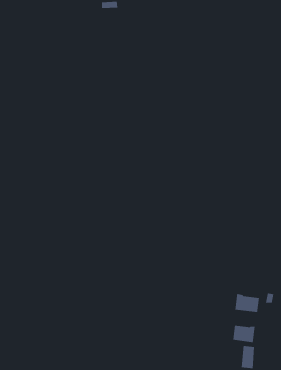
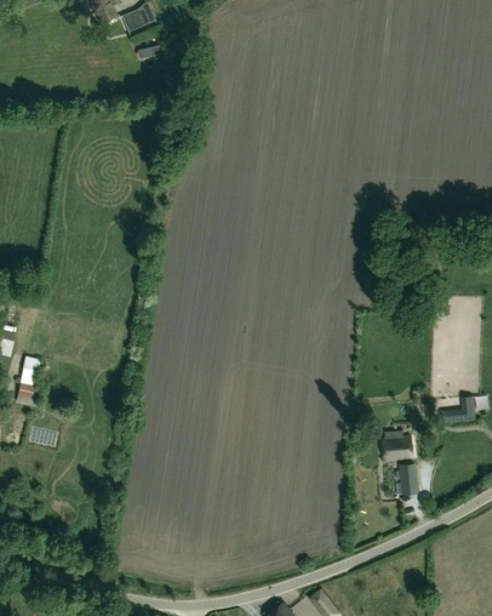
building: [235,293,259,313] -> none

